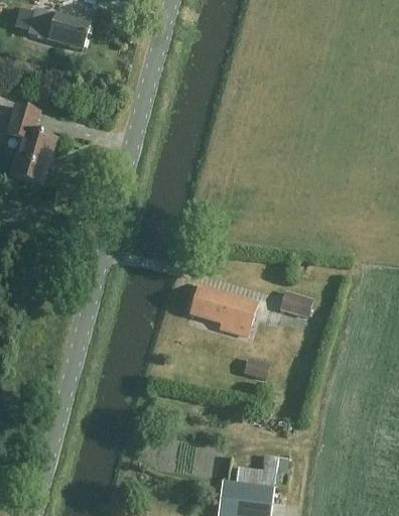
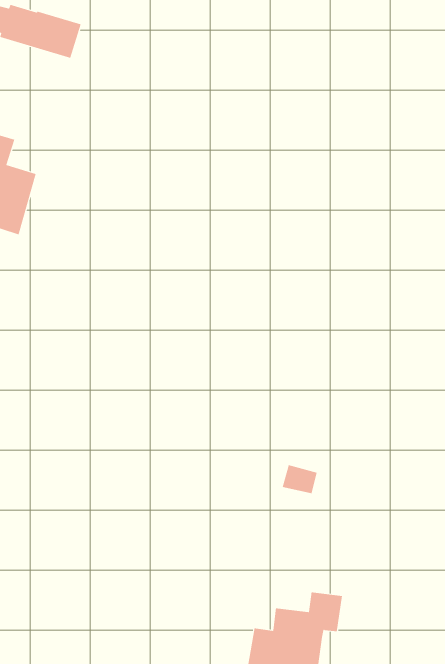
building: [190,285,257,336] -> none
building: [279,292,312,318] -> none

